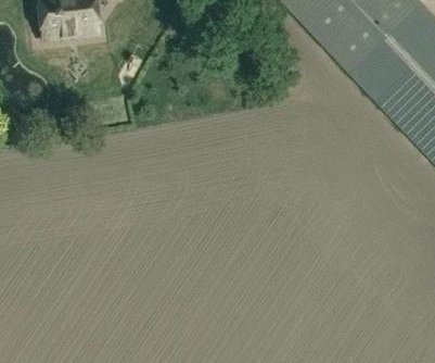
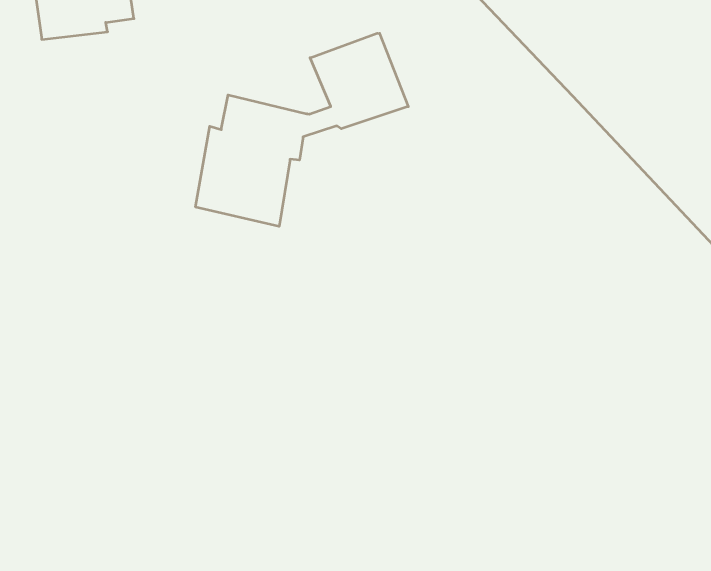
building: none -> [196,33,408,226]

